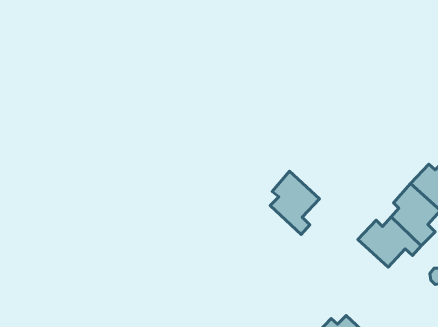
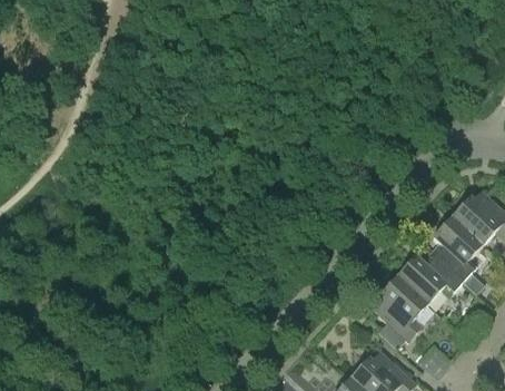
building: [270,171,319,234] -> [376,275,427,341]

